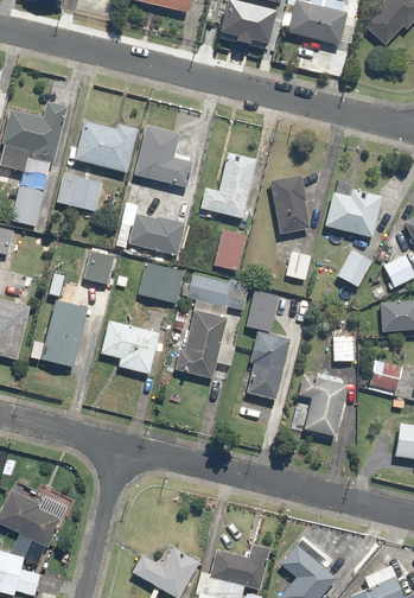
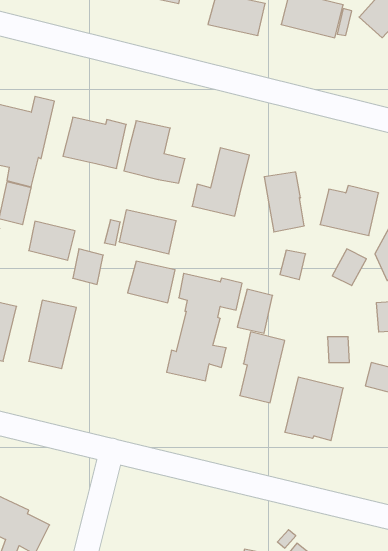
building: [57,173,102,211] -> [29,221,75,260]
building: [215,230,246,271] -> none
building: [100,320,159,374] -> none

